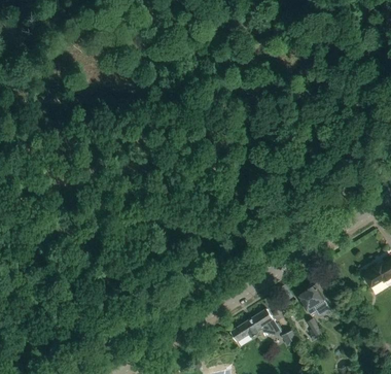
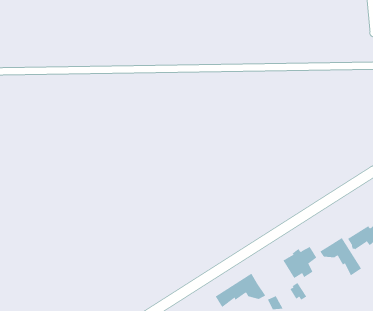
building: none -> [319,237,362,276]

